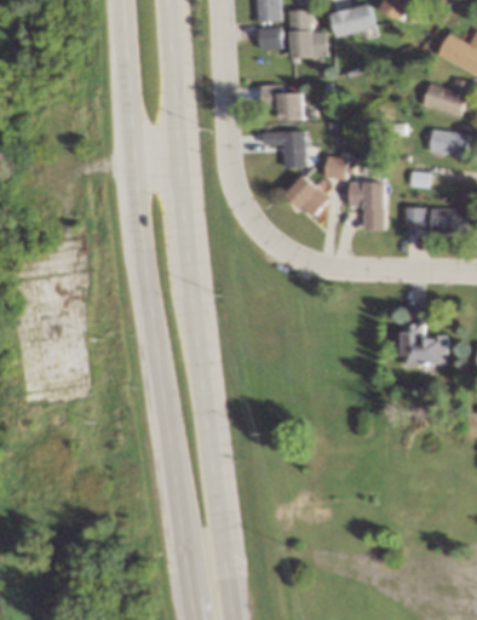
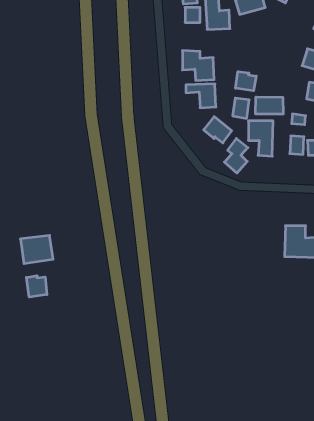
building: none -> [236,72,256,91]
building: none -> [256,97,283,114]
building: none -> [224,138,248,173]
building: none -> [26,276,47,297]

